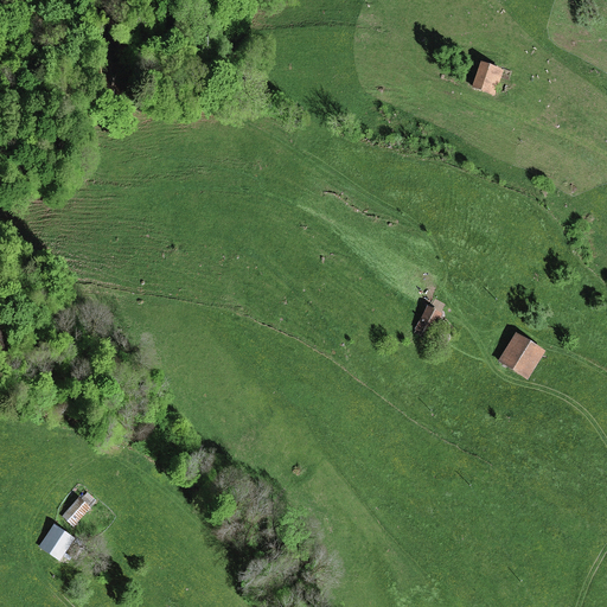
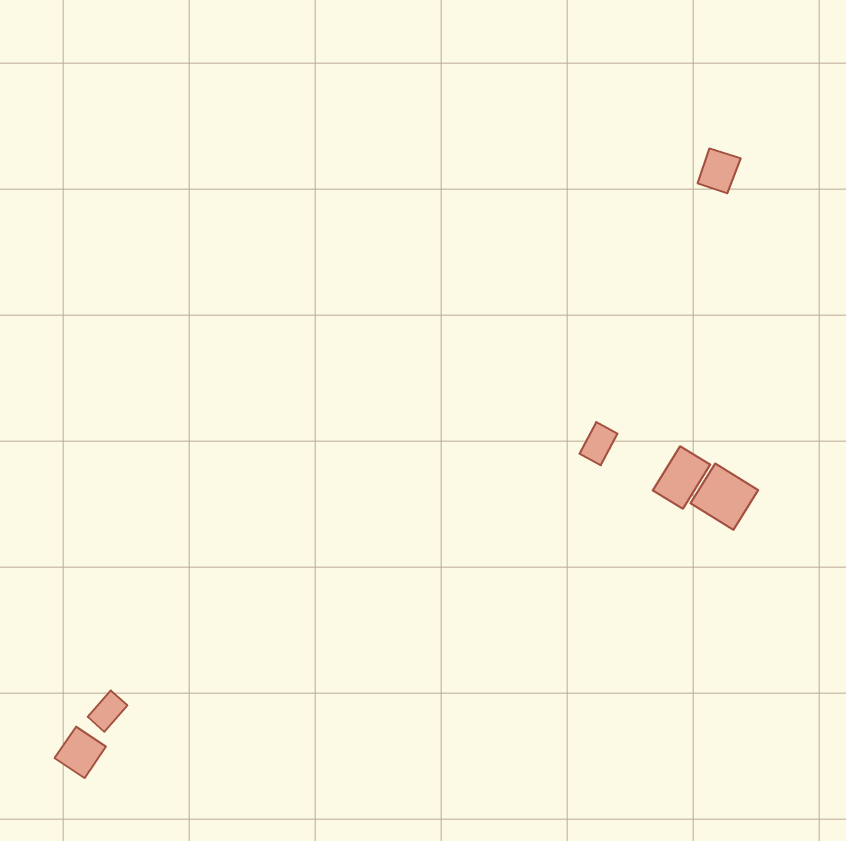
building: [473,59,504,91] -> [698,149,741,193]
building: none -> [653,446,710,509]

